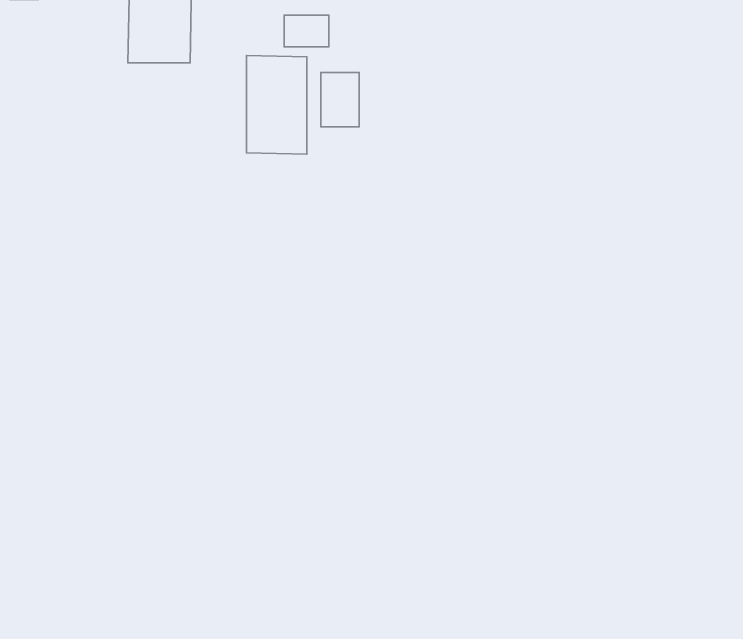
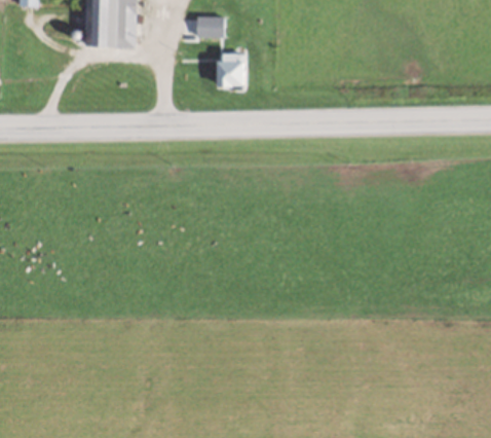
building: [247,55,307,154] -> none

